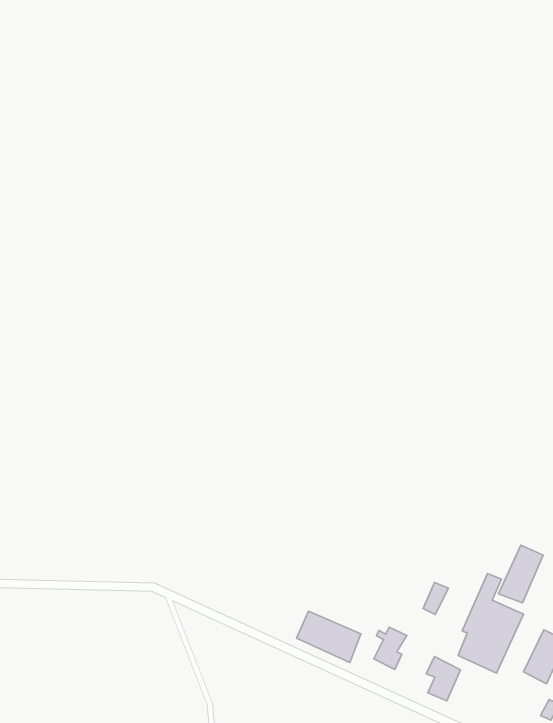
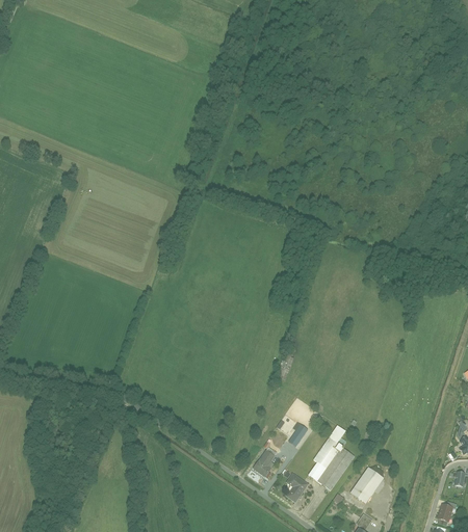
building: [499,545,543,603] -> none
building: [296,611,361,663] -> none

